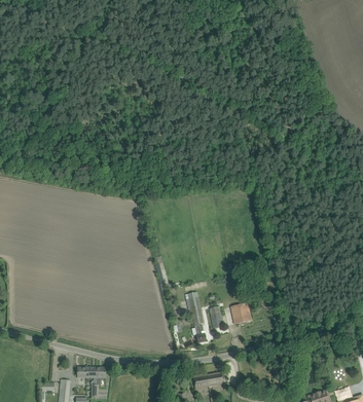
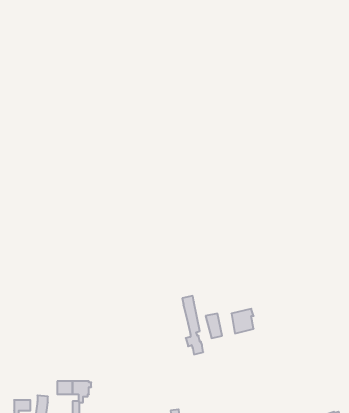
building: [193,372,225,391] -> none

